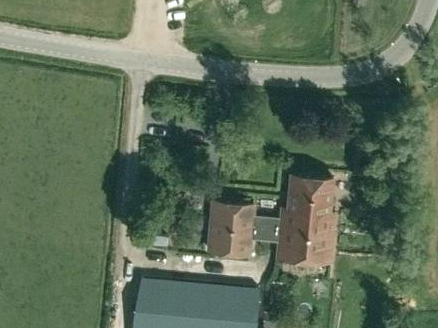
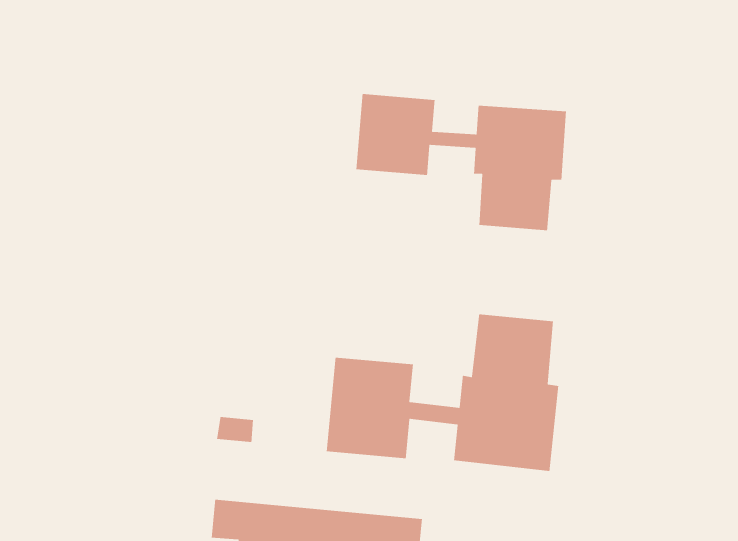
building: none -> [356,93,567,231]

